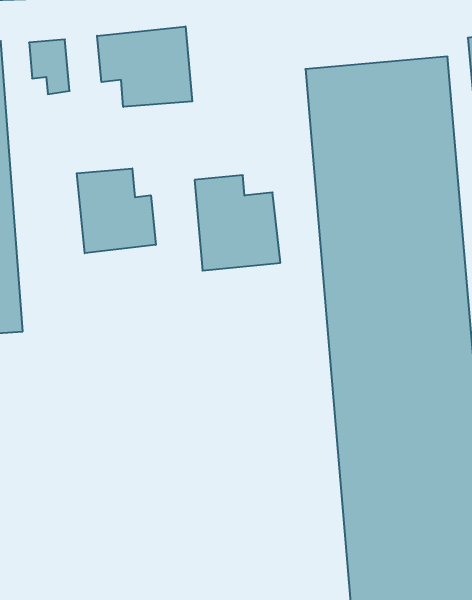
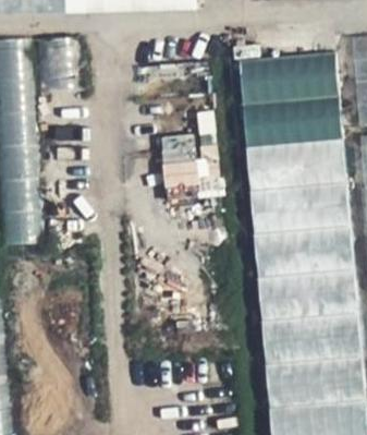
building: [97,26,192,107] -> none
building: [77,168,156,253] -> none

